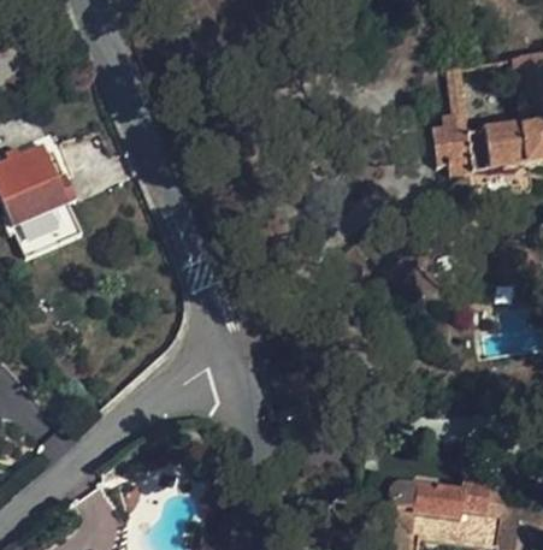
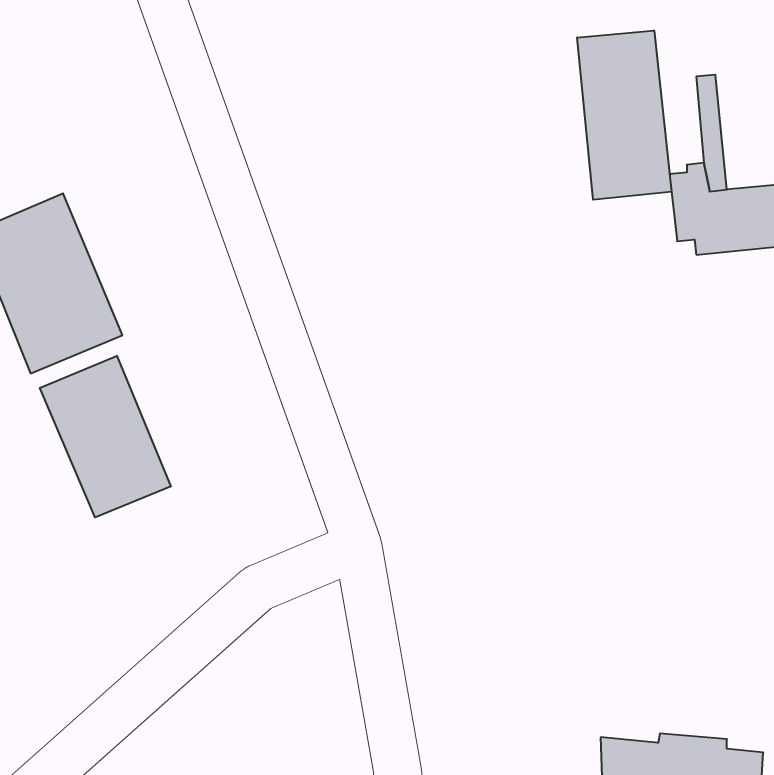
building: none -> [577,30,671,200]
building: none -> [40,356,171,517]

